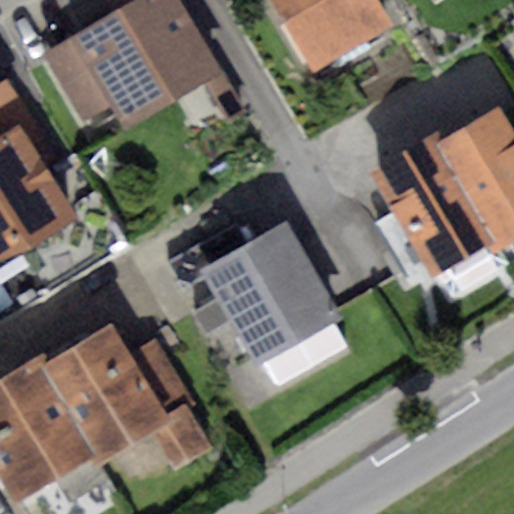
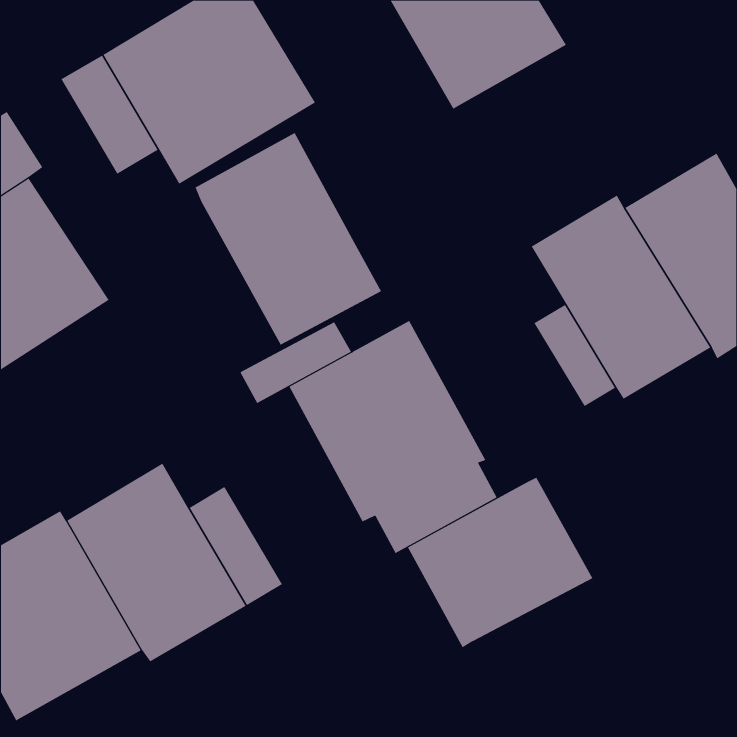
building: none -> [195,132,382,346]
building: none -> [407,477,593,648]

